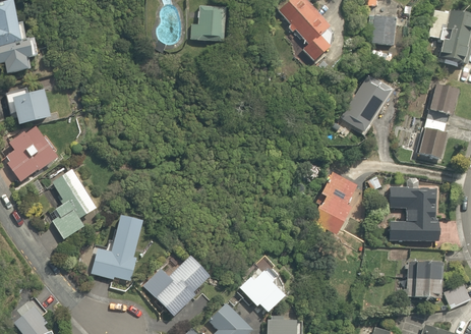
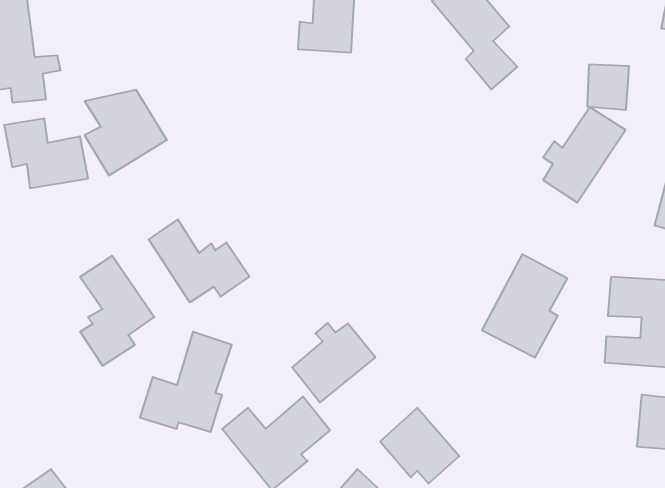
building: [367,16,394,45] -> [587,65,629,110]
building: [6,129,58,183] -> [85,90,167,175]
building: none -> [149,219,249,302]
building: none -> [292,323,375,403]

